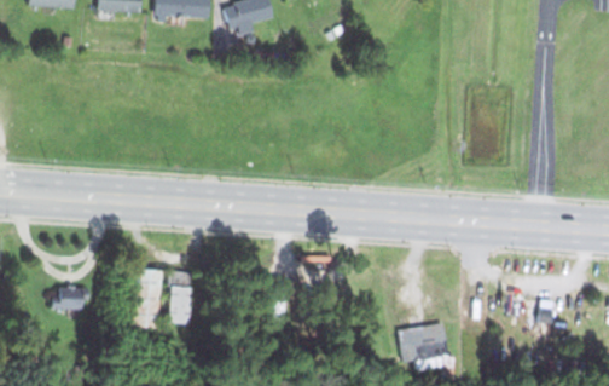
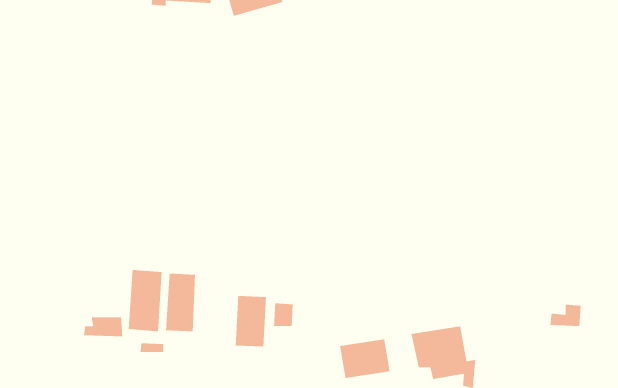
building: [52,287,89,306] -> [83,317,123,337]
building: none -> [235,295,267,347]
building: none -> [339,338,390,379]

